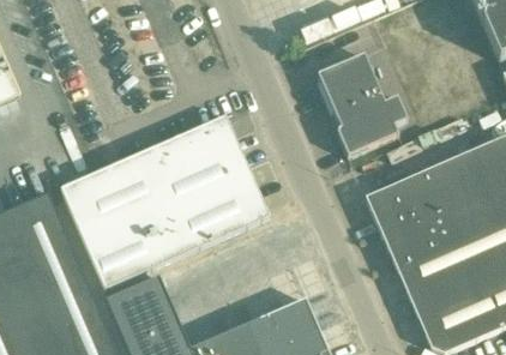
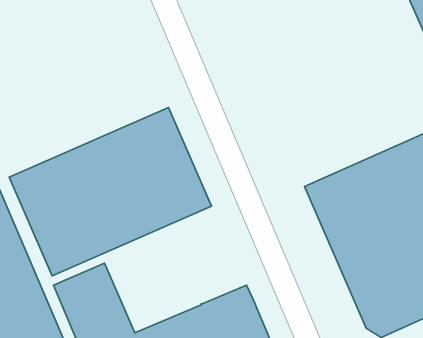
building: [317,54,406,156] -> none

